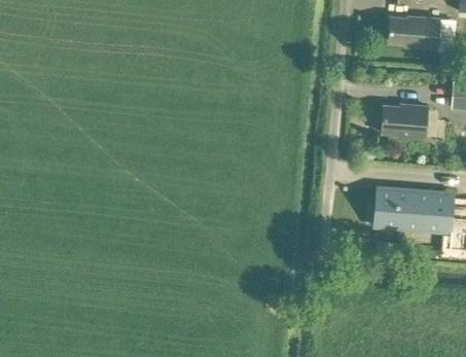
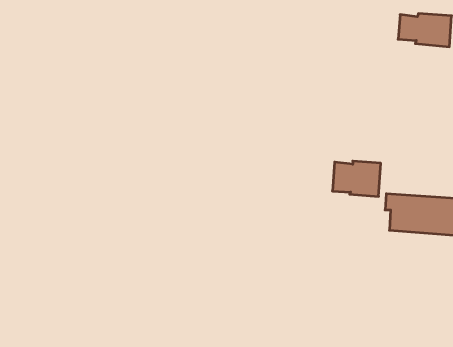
building: [381,105,427,139] -> [332,161,381,196]

